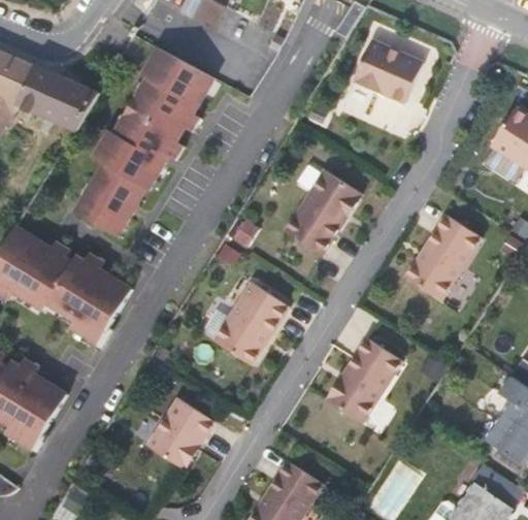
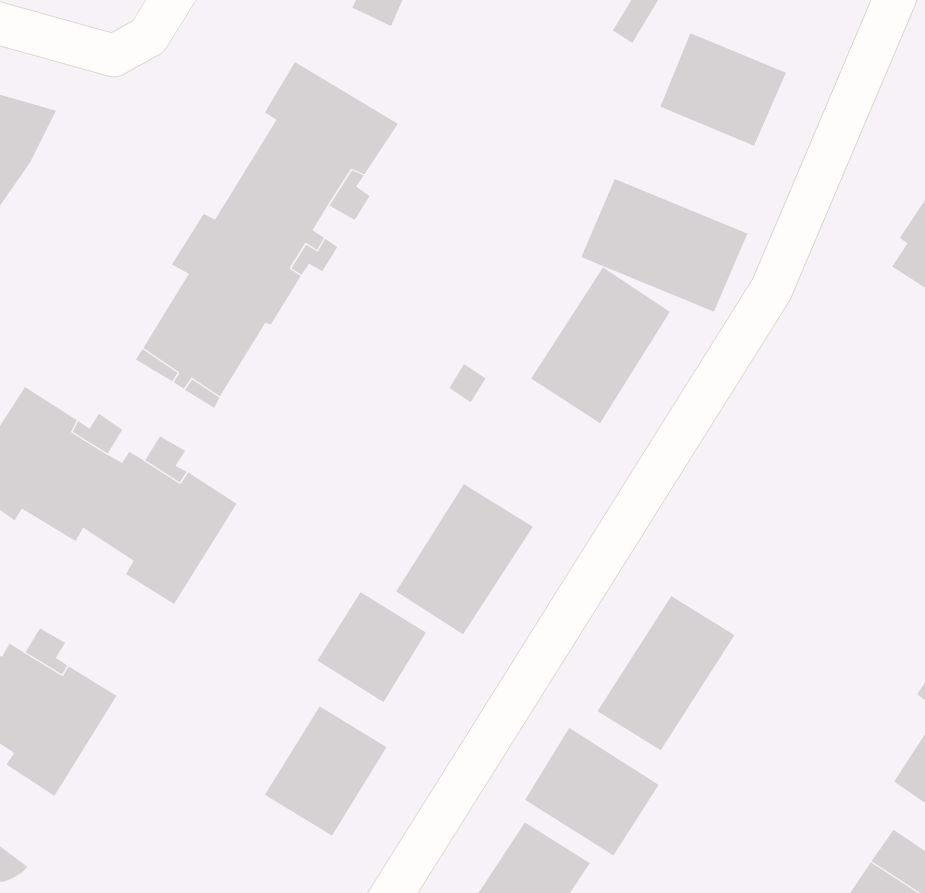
building: [18,75,97,130] -> none
building: none -> [581,178,748,312]
building: [404,215,481,300] -> none
building: none -> [317,591,427,703]
building: none -> [524,727,660,856]

